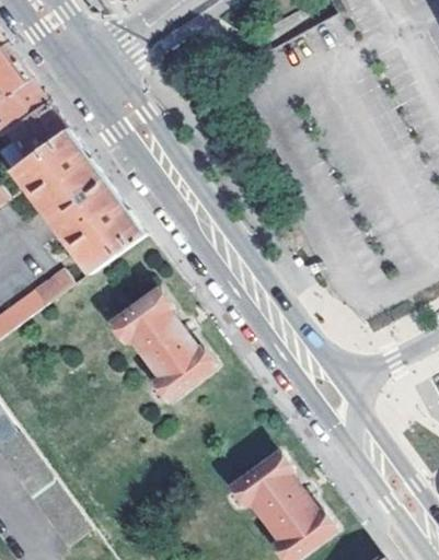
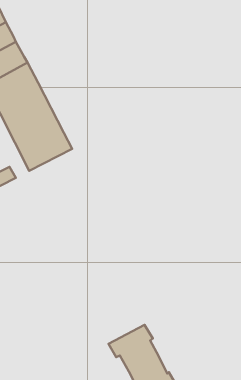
building: [108,291,211,401] -> none

